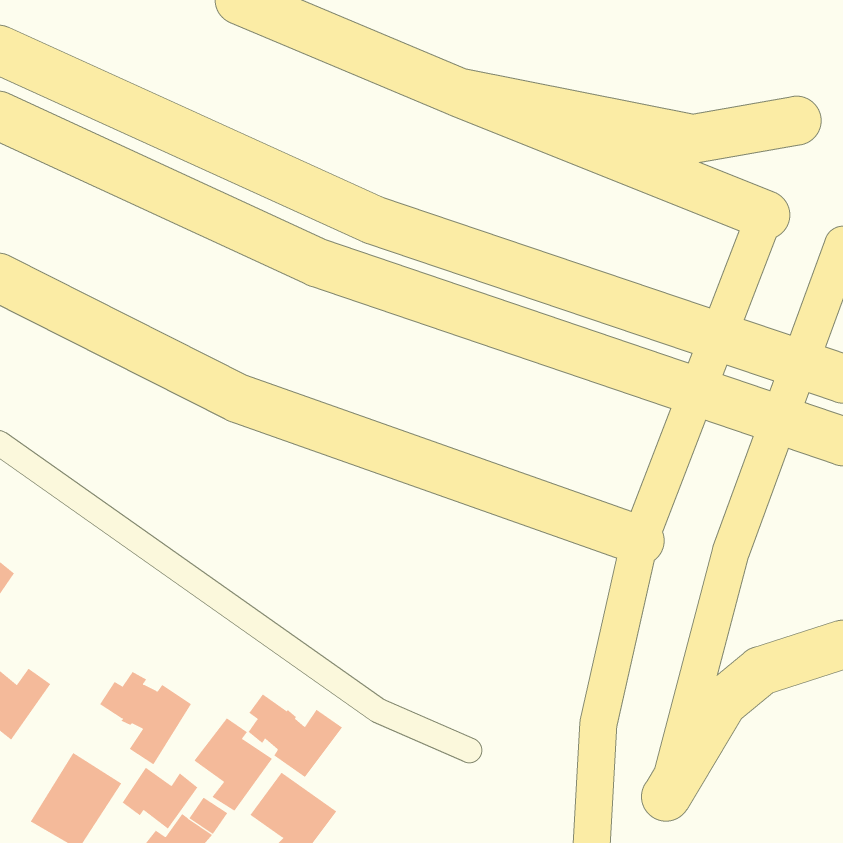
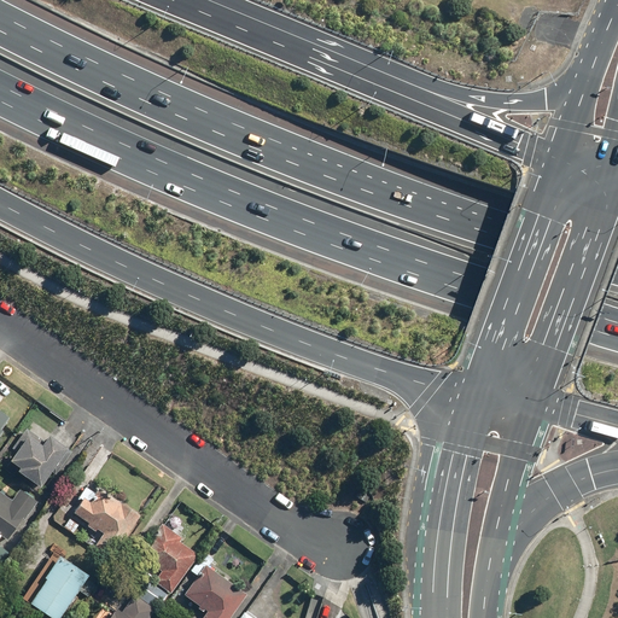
building: none -> [10,430,68,489]
building: [248,693,343,778] -> none
building: [122,767,198,830] -> none

